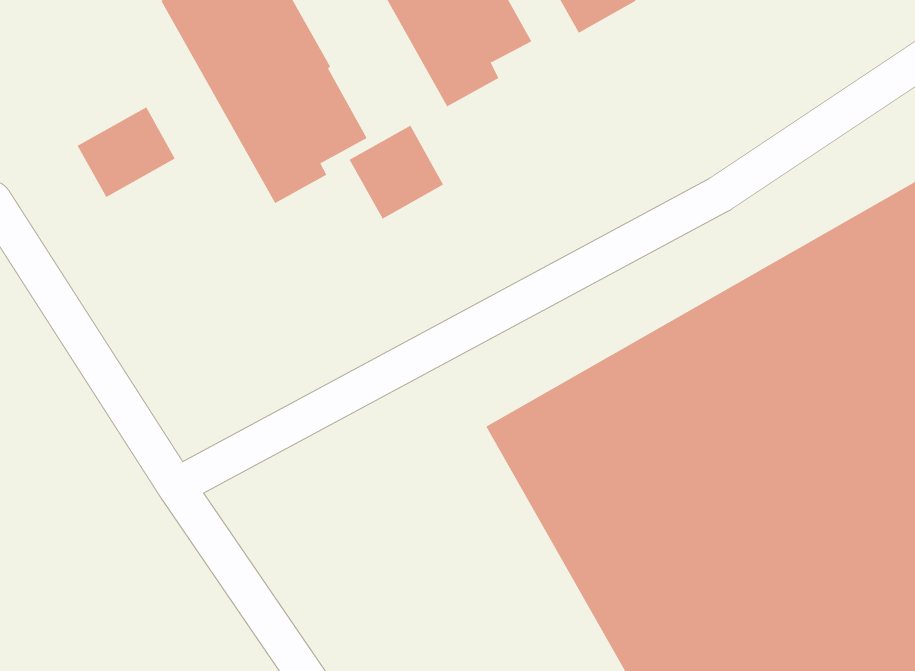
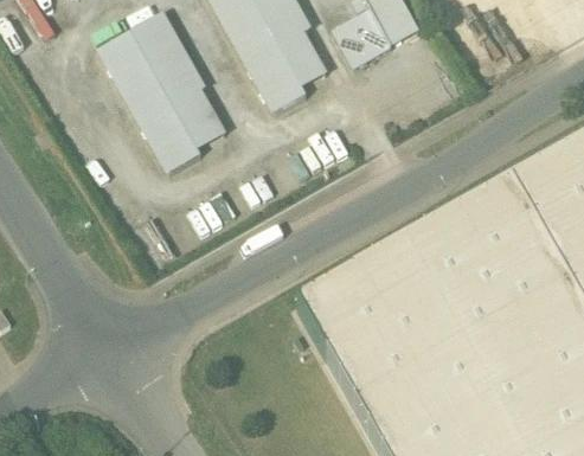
building: [77,106,176,198] -> none
building: [349,125,444,219] -> none

